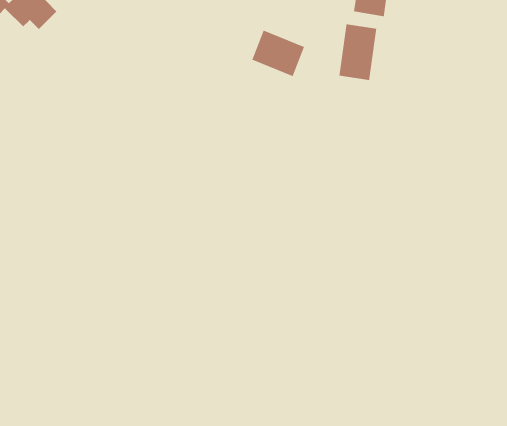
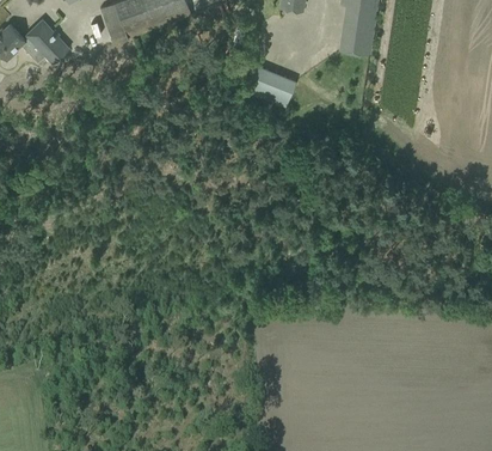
building: [339,24,377,81] -> none

